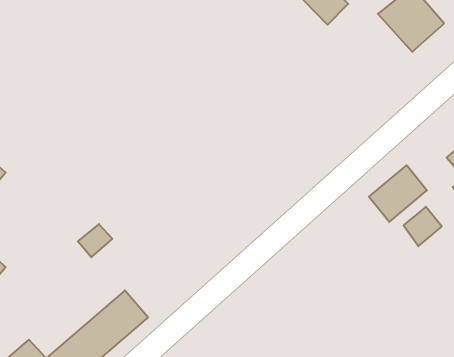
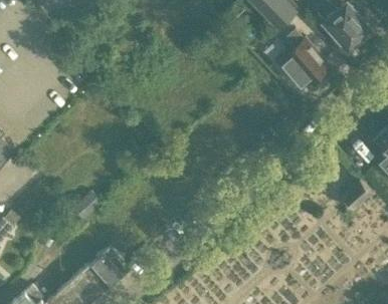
building: none -> [281,29,330,84]
building: [369,165,427,222] -> none

